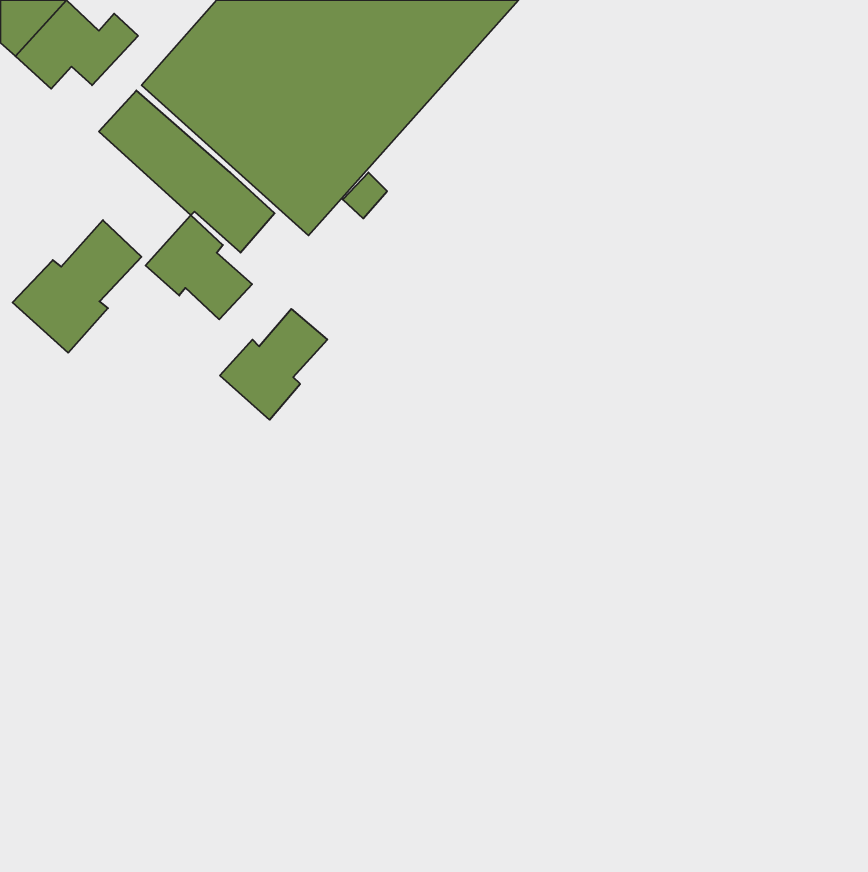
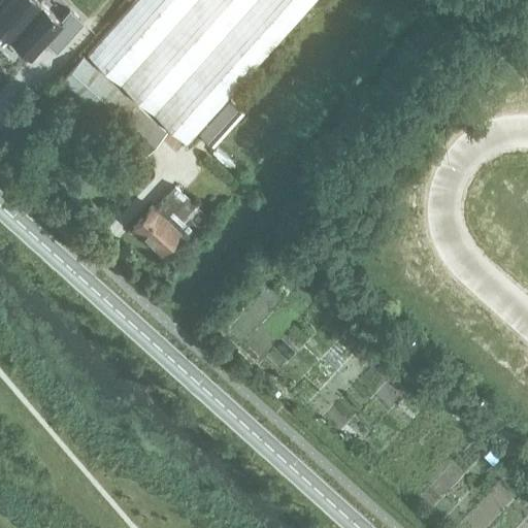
building: [146,215,252,319] -> none
building: [13,220,141,353] -> none

